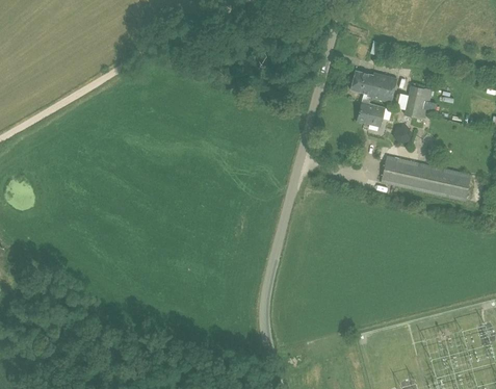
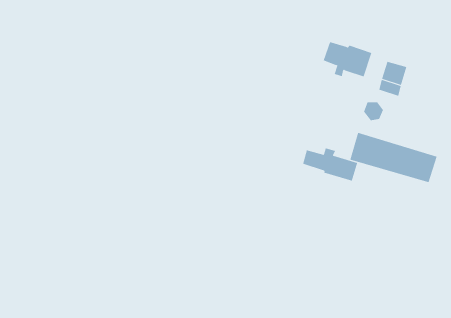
building: [357,101,385,126] -> none
building: none -> [302,147,358,182]

